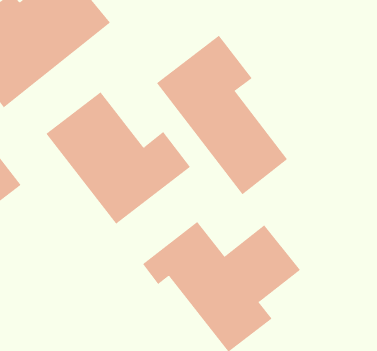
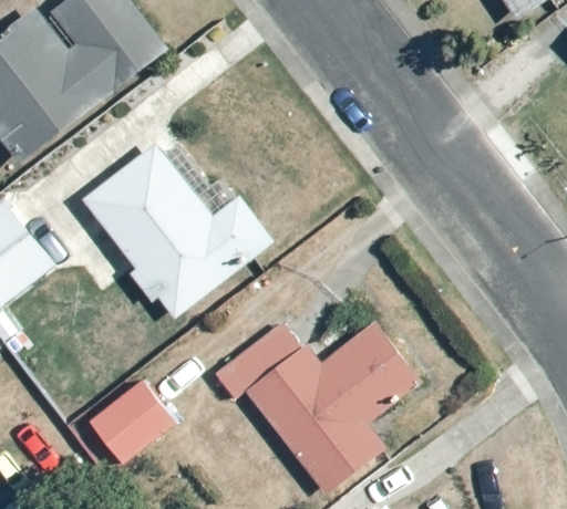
building: [156,35,288,195] -> none
building: none -> [81,377,169,464]

